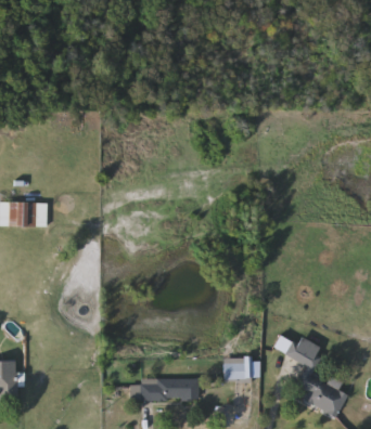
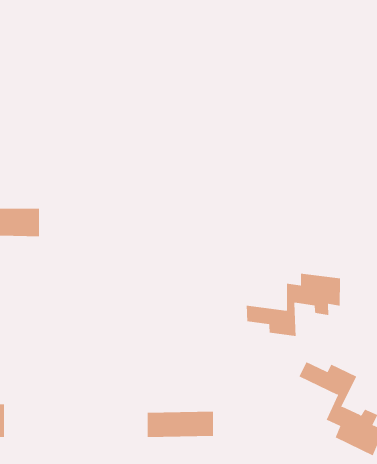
building: none -> [246,273,341,337]
building: [222,358,259,378] -> none

